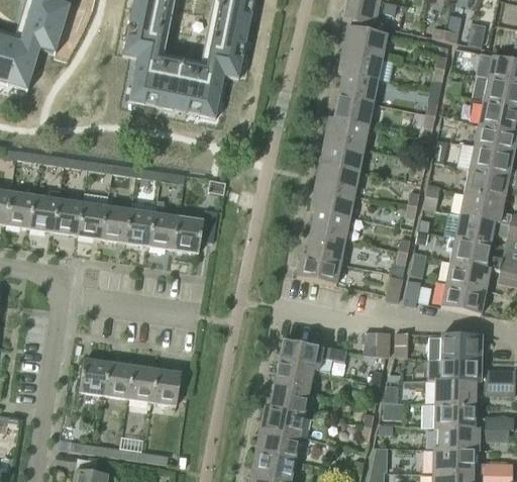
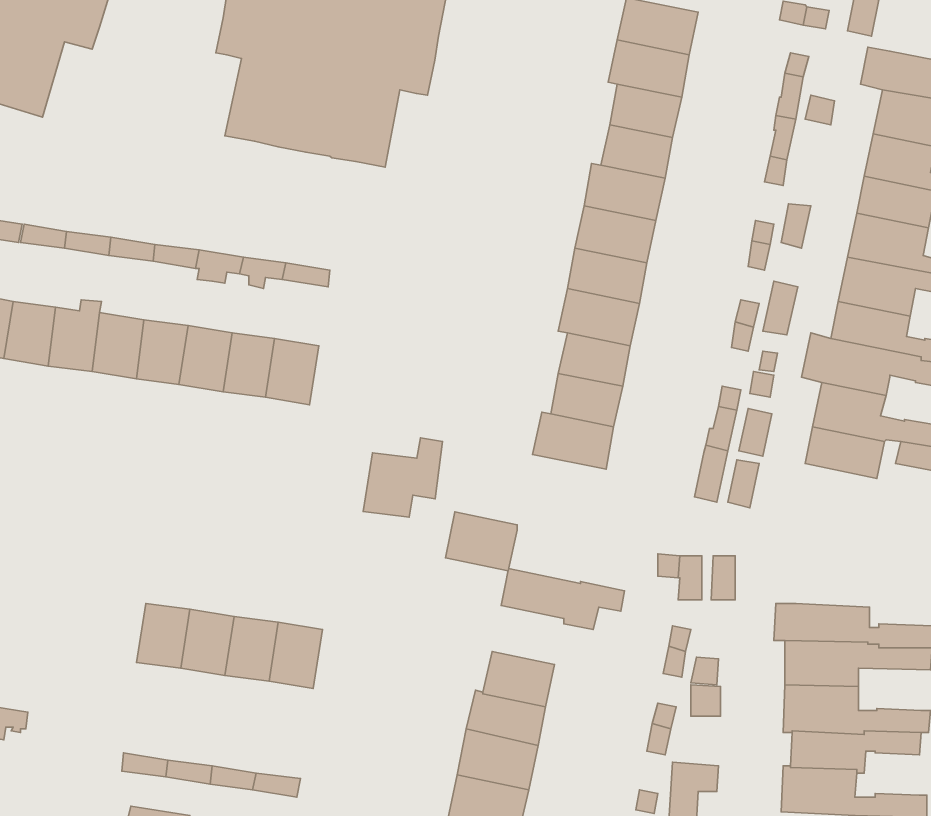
building: [174,208,217,252] -> [363,438,442,517]
building: [440,281,485,313] -> none
building: [429,332,482,360] -> none
building: [274,359,313,391] -> [445,512,517,571]

